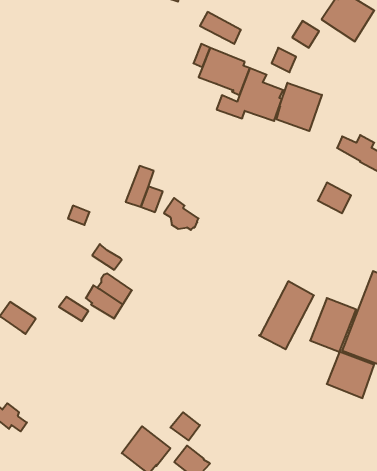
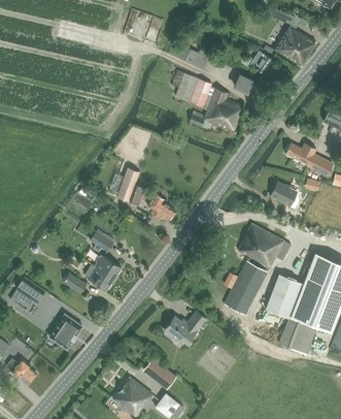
building: [276,83,322,131] -> none
building: none -> [238,224,291,267]
building: none -> [164,312,207,345]
building: none -> [49,315,82,349]

